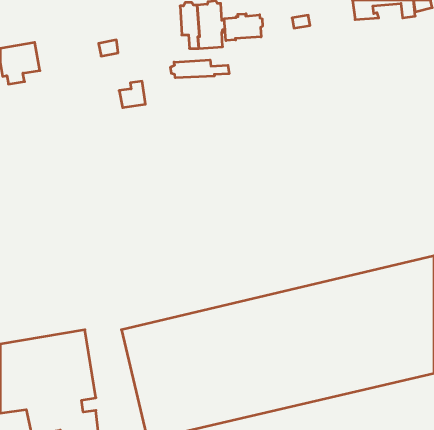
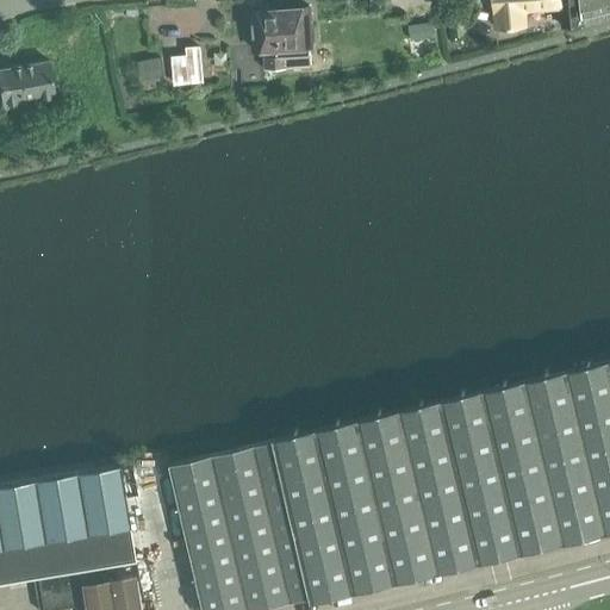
building: [224,14,262,41] -> none
building: [171,60,229,78] -> none
building: [119,81,145,108] -> [170,52,207,89]

